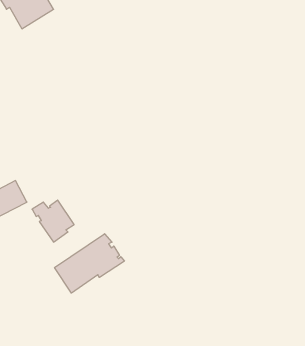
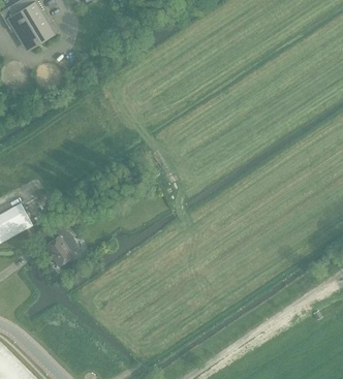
building: [55,234,124,293] -> none

